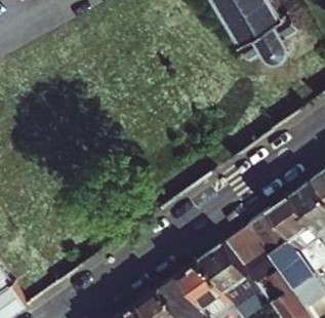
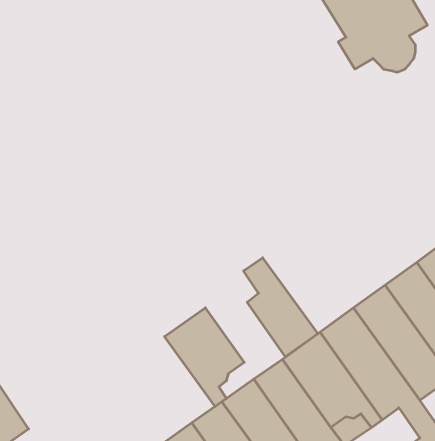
building: none -> [244,258,318,357]
building: none -> [165,308,244,407]

